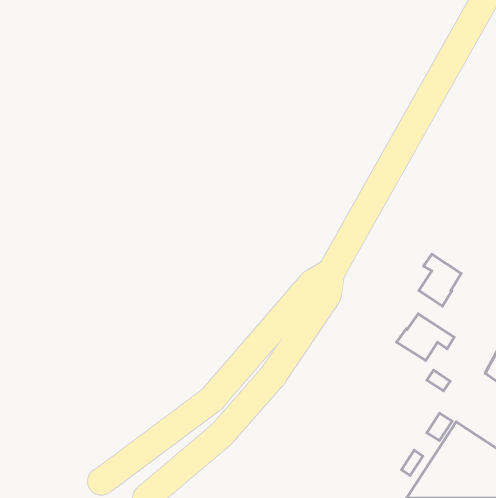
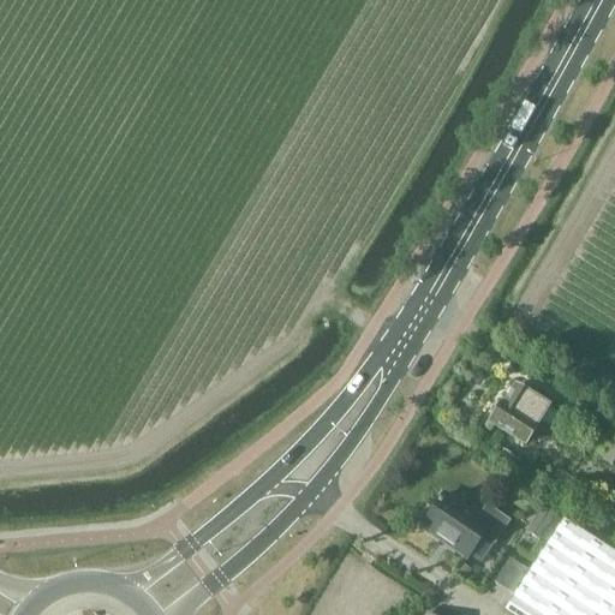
building: [419,254,461,306] -> none
building: none -> [424,496,513,557]

